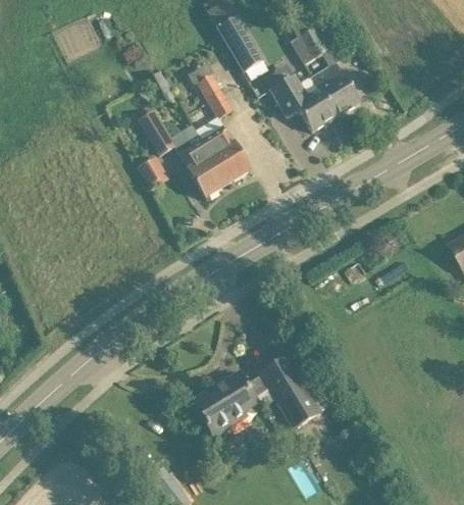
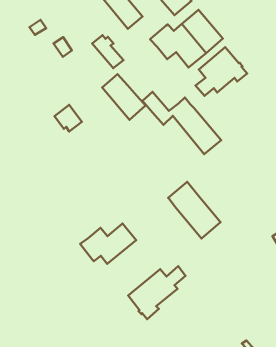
building: [139,111,228,198] -> [142,92,221,154]
building: none -> [196,47,247,96]
building: none -> [80,223,136,264]
building: [260,356,320,428] -> [168,182,220,238]

